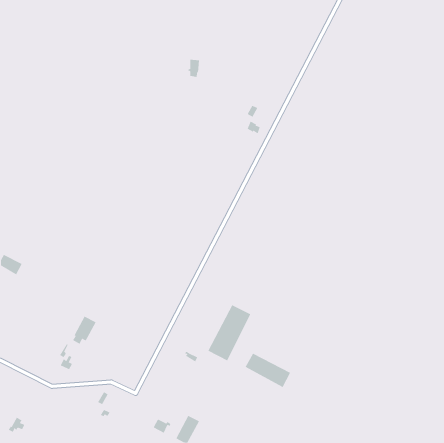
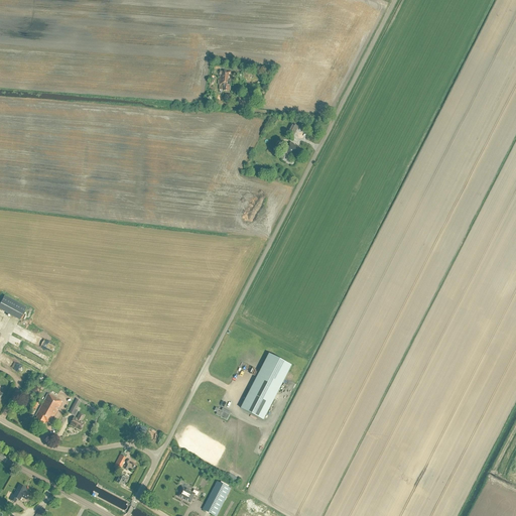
building: [72,316,96,345] -> [33,393,61,426]
building: [245,353,291,388] -> none

